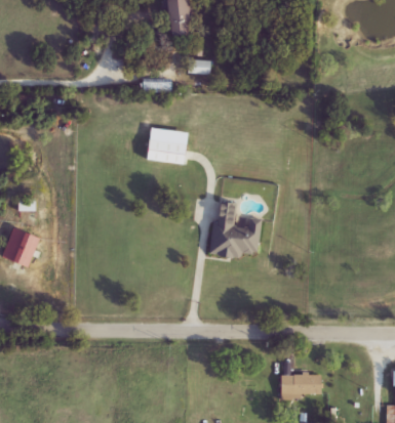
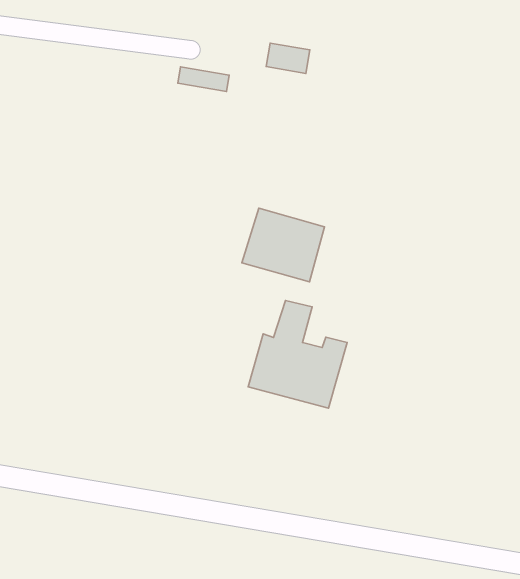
building: [147,128,189,164] -> [242,208,324,282]

